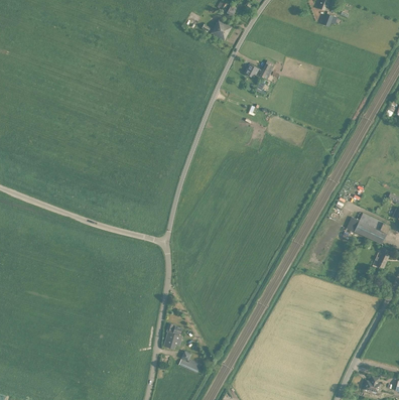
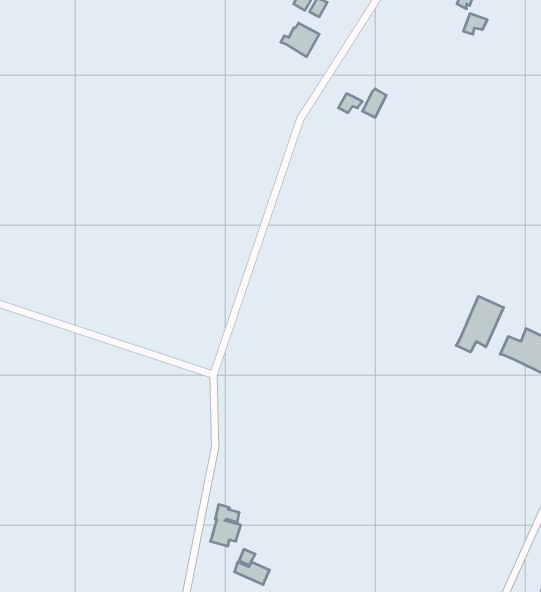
building: none -> [456,296,504,352]

